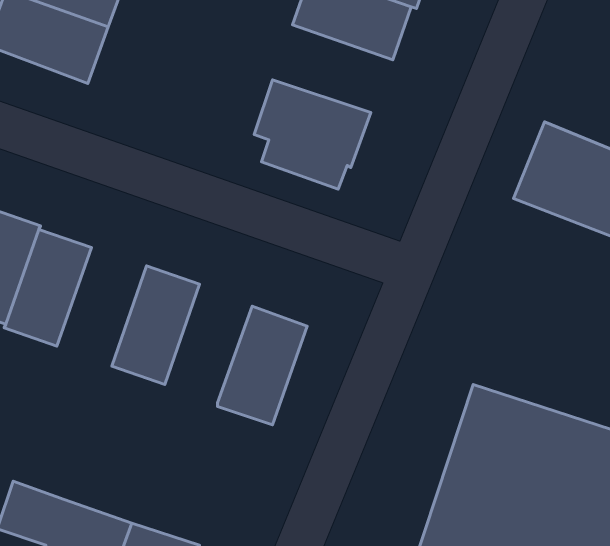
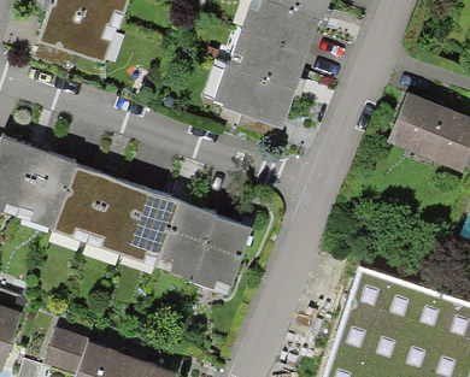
building: none -> [227,28,306,87]
building: none -> [84,175,143,253]
building: none -> [155,199,213,277]

